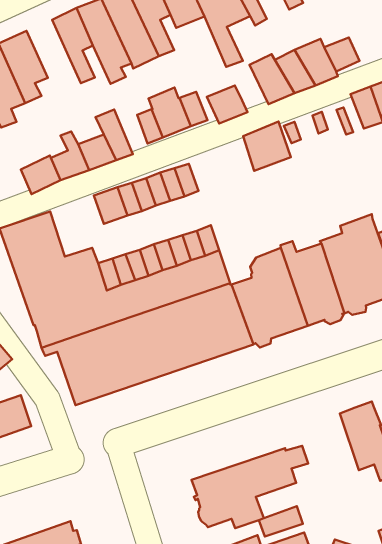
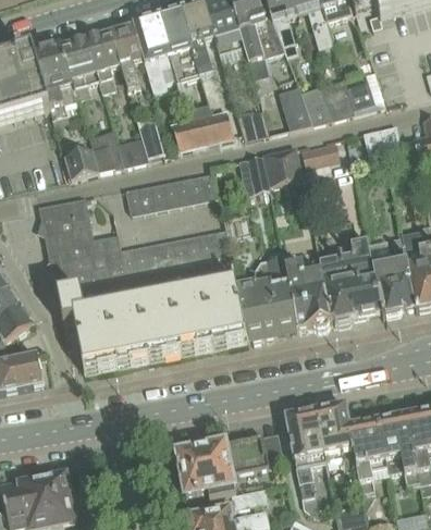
building: none -> [86,29,120,91]
building: none -> [238,155,270,194]
building: none -> [286,409,324,501]

